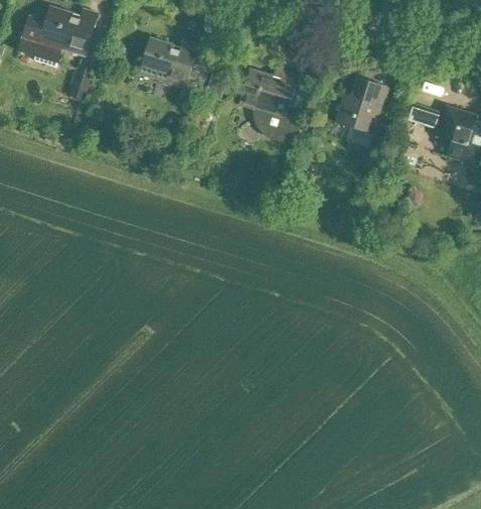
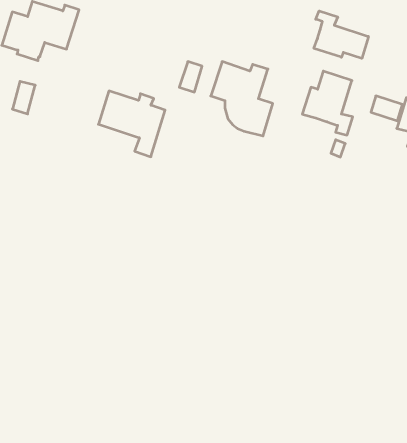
building: none -> [314,11,368,58]
building: [139,36,210,106] -> [98,91,165,157]
building: [69,67,93,101] -> [12,81,35,114]

